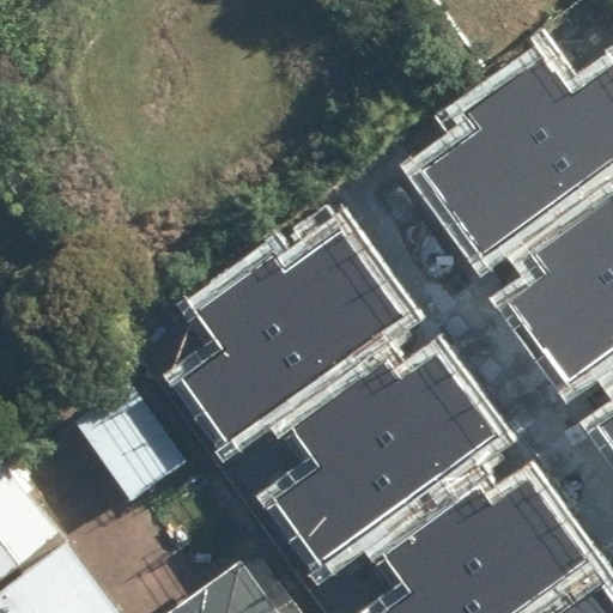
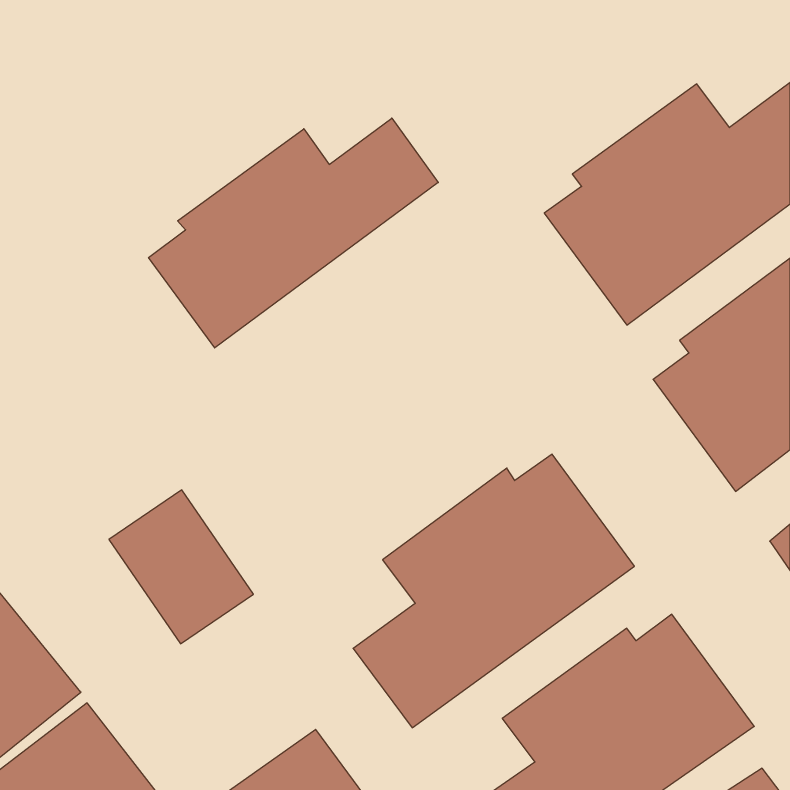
building: none -> [149,118,438,348]
building: [175,236,390,447] -> none

